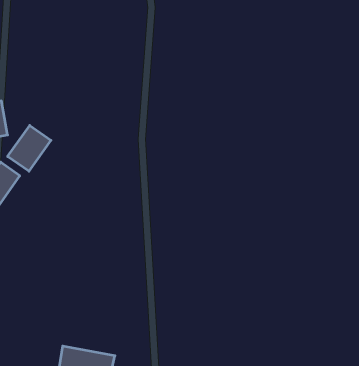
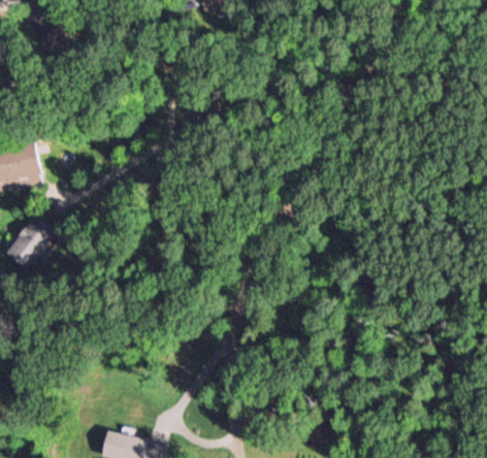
building: [8,125,51,171] -> none

